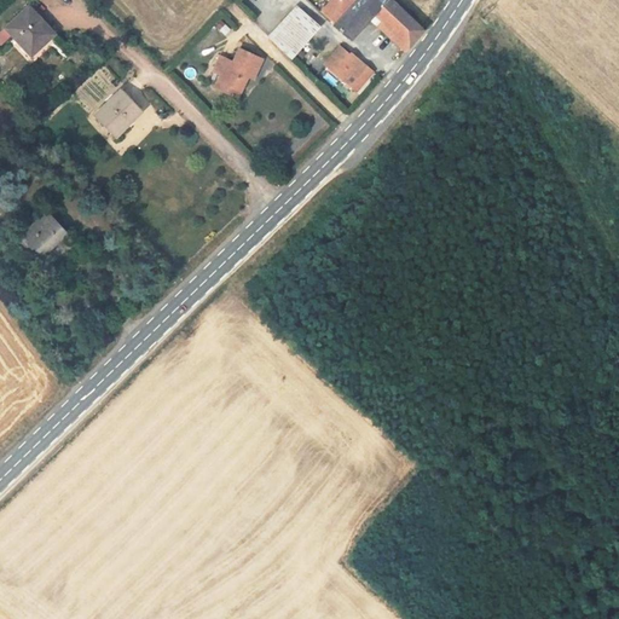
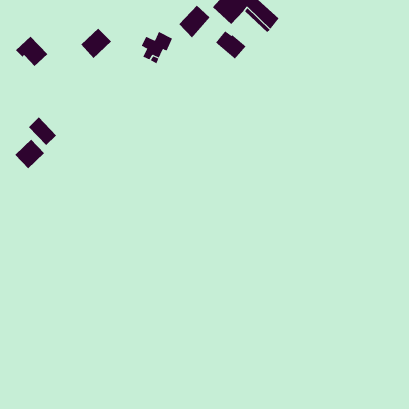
building: [5,5,54,52] -> [15,36,48,67]
building: [94,88,141,135] -> [81,28,112,59]
building: none -> [28,116,57,146]

